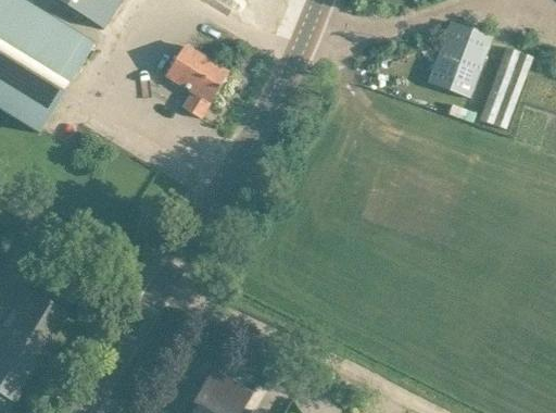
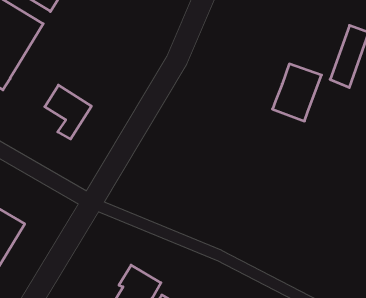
building: [427,21,493,98] -> [272,64,322,121]
building: [165,45,228,117] -> [45,85,91,139]

